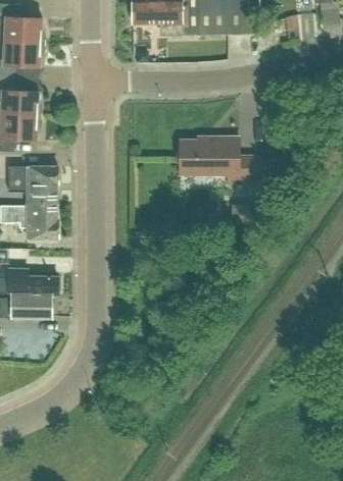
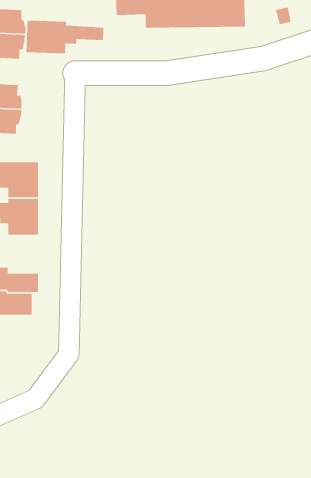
building: none -> [26,20,104,54]
building: [179,137,254,182] -> none

